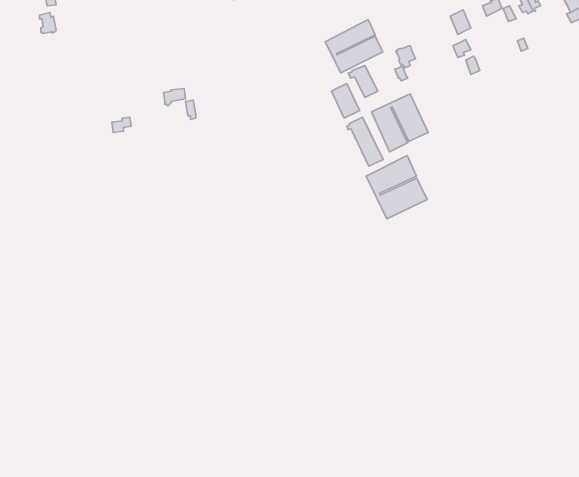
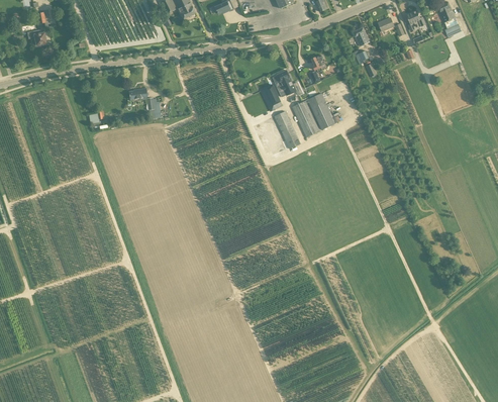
building: [325,20,383,73] -> none
building: [366,156,427,219] -> none

